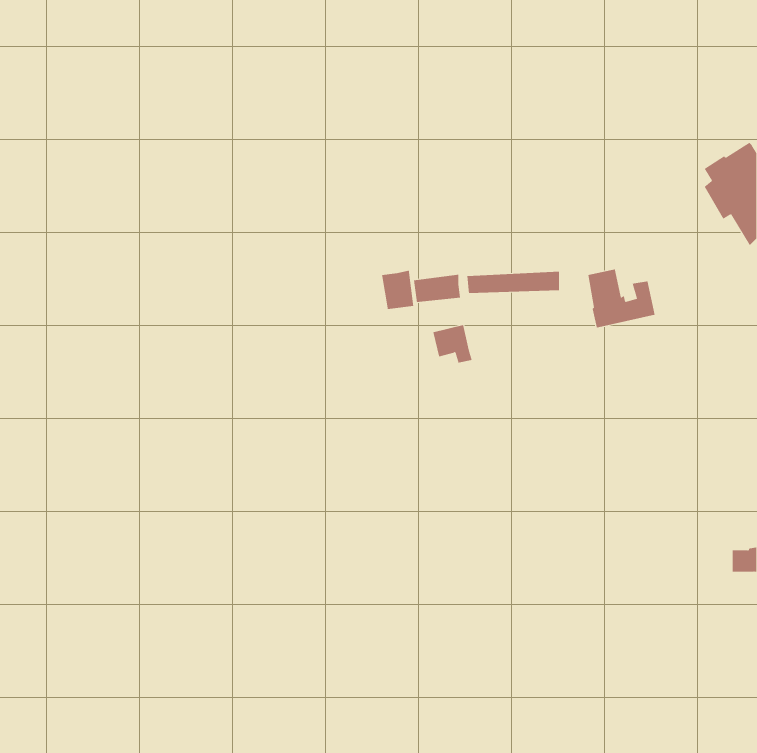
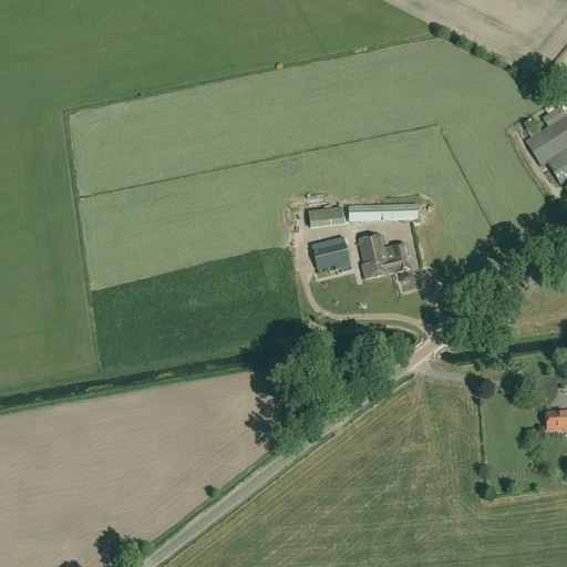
building: [587,269,656,328] -> [360,234,411,278]
building: [382,270,414,310] -> none

